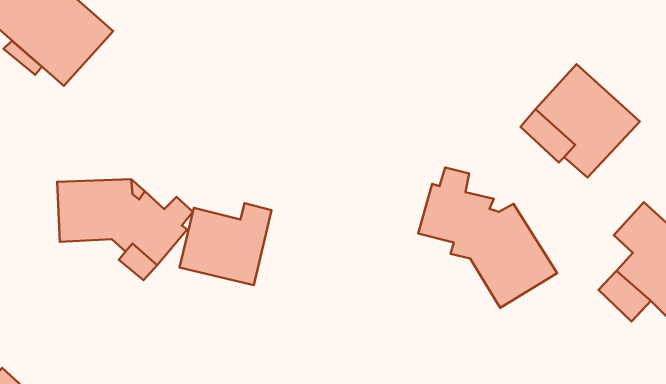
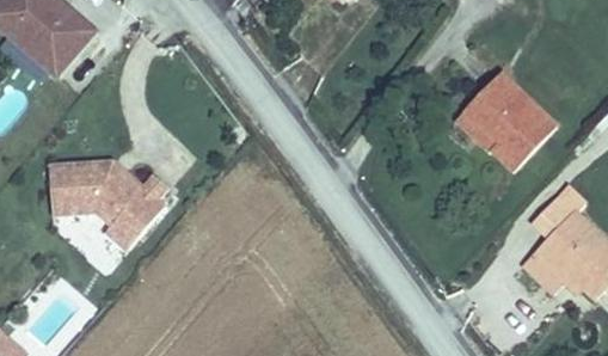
building: [418,168,557,308] -> none
building: [179,203,271,285] -> none

